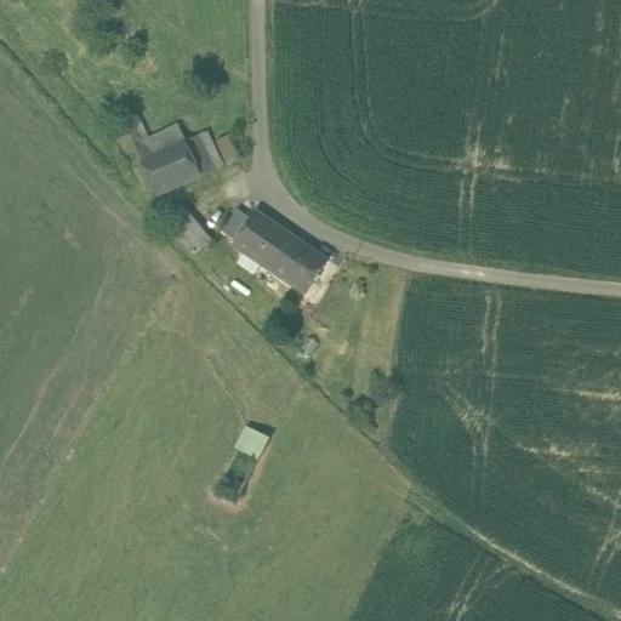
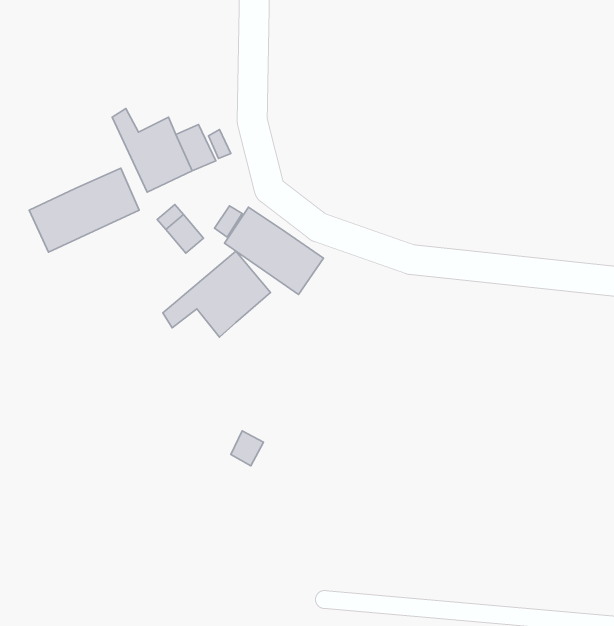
building: none -> [29,168,139,252]
building: none -> [163,251,270,337]

